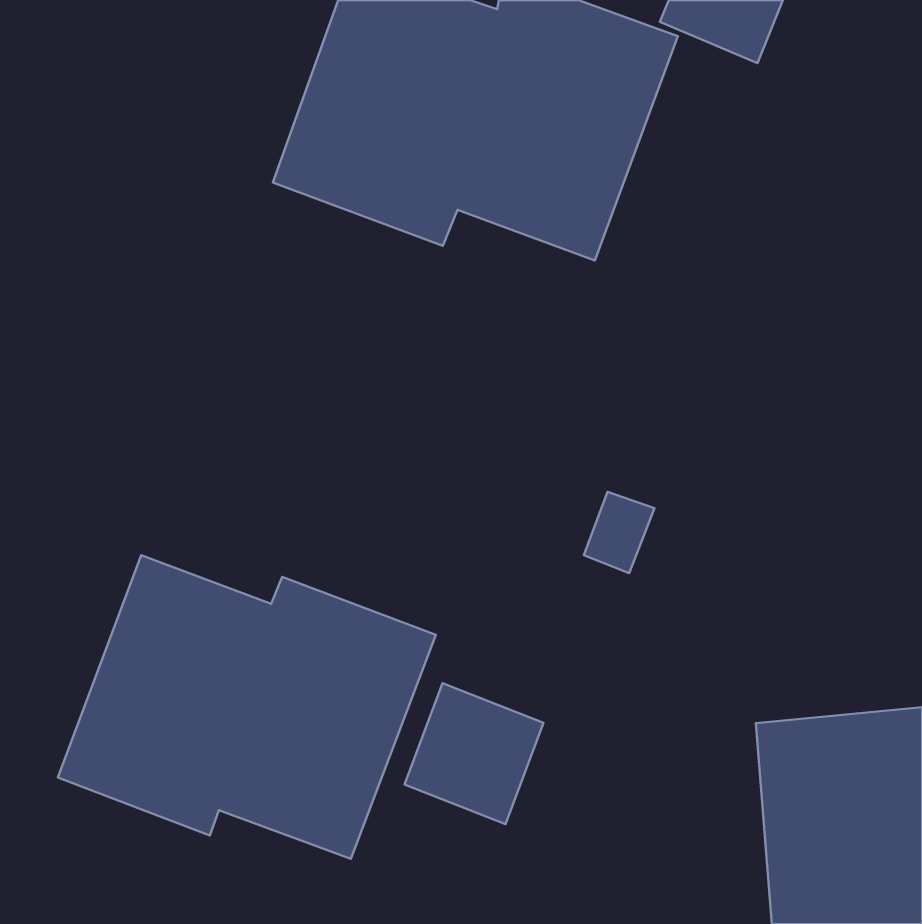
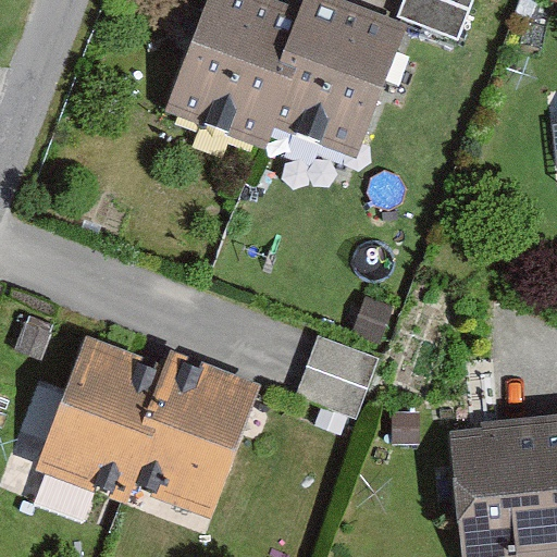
building: [404,683,544,824] -> [295,334,379,419]

